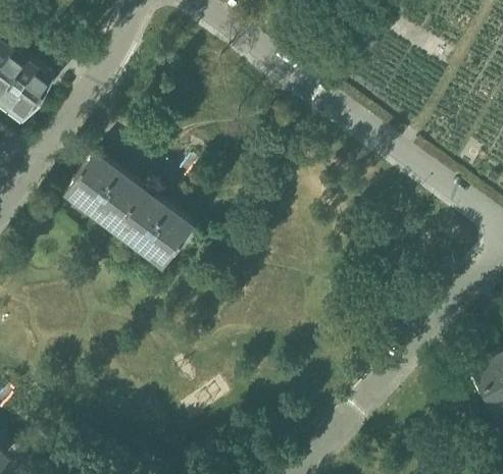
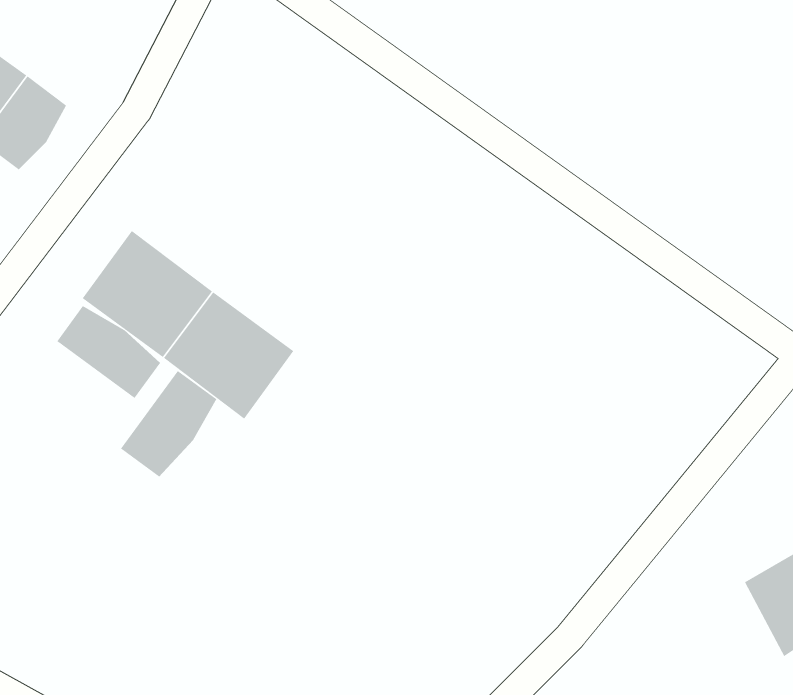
building: none -> [56,305,161,399]
building: none -> [120,370,217,477]

